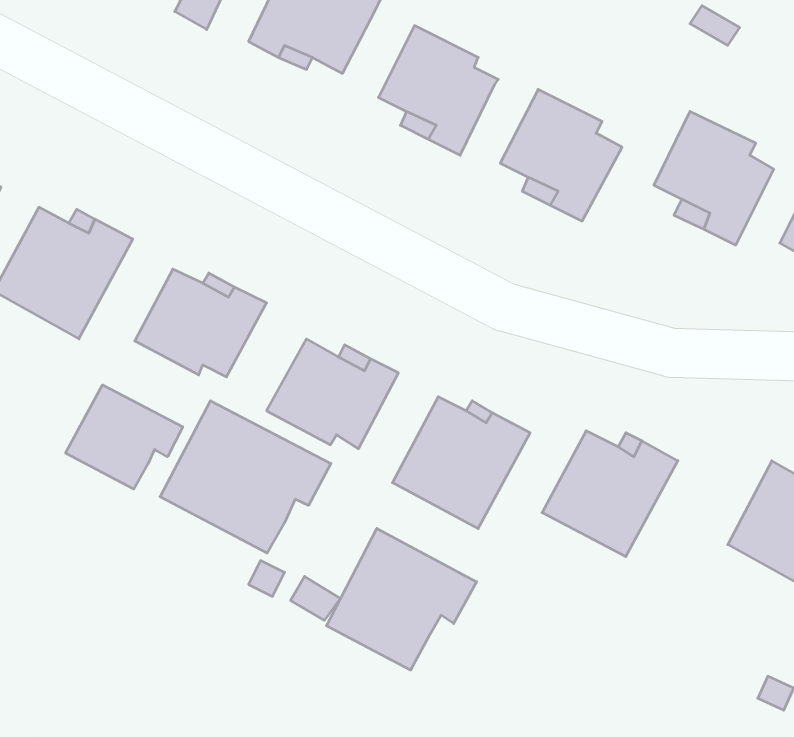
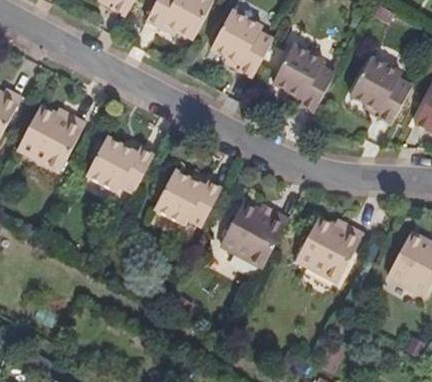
building: [66,385,183,489] -> none
building: [160,401,331,553] -> none
building: [326,528,477,670] -> none

